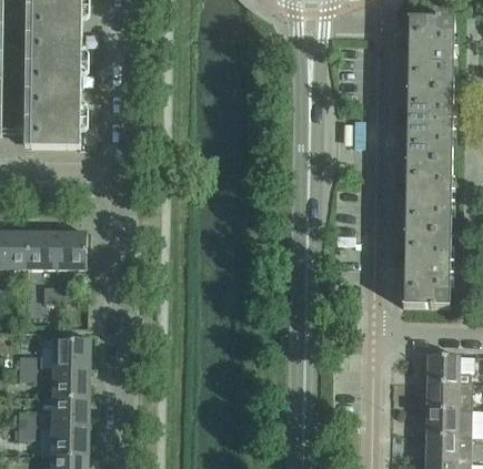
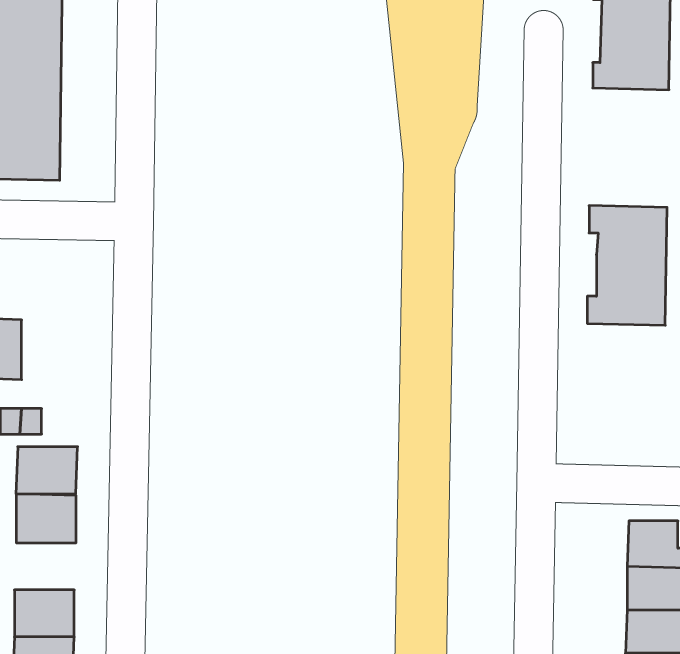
building: [403,90,452,163] -> none
building: [56,232,85,268] -> none
building: [401,234,450,307] -> none
building: [51,368,89,397] -> [16,447,78,494]

